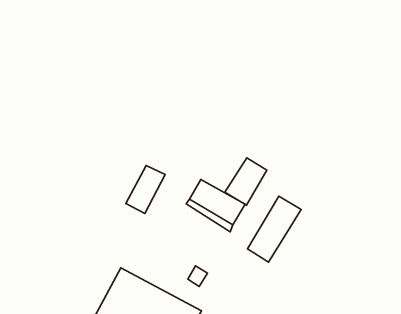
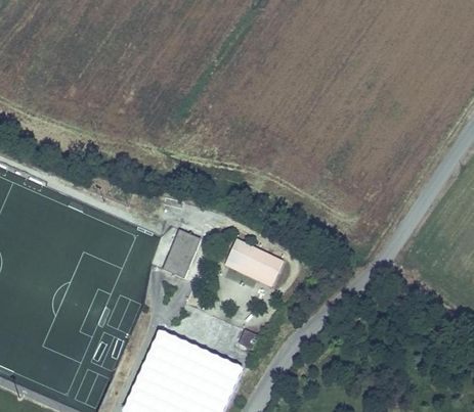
building: [225,158,267,205] -> none
building: [248,196,301,262] -> none

